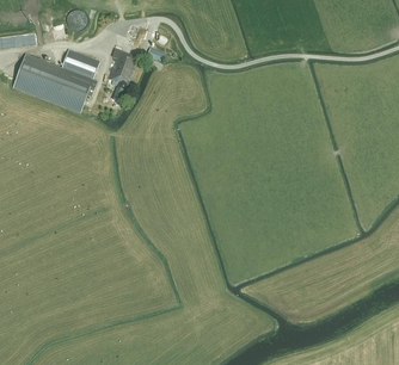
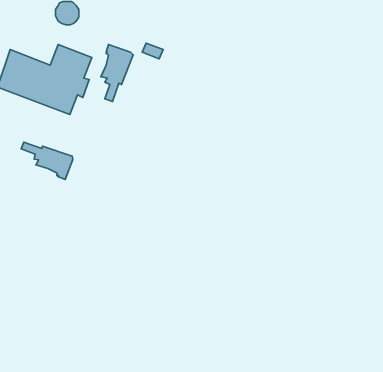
building: none -> [21,142,73,179]

